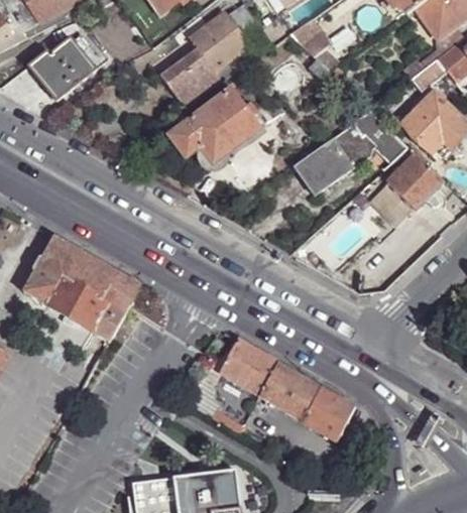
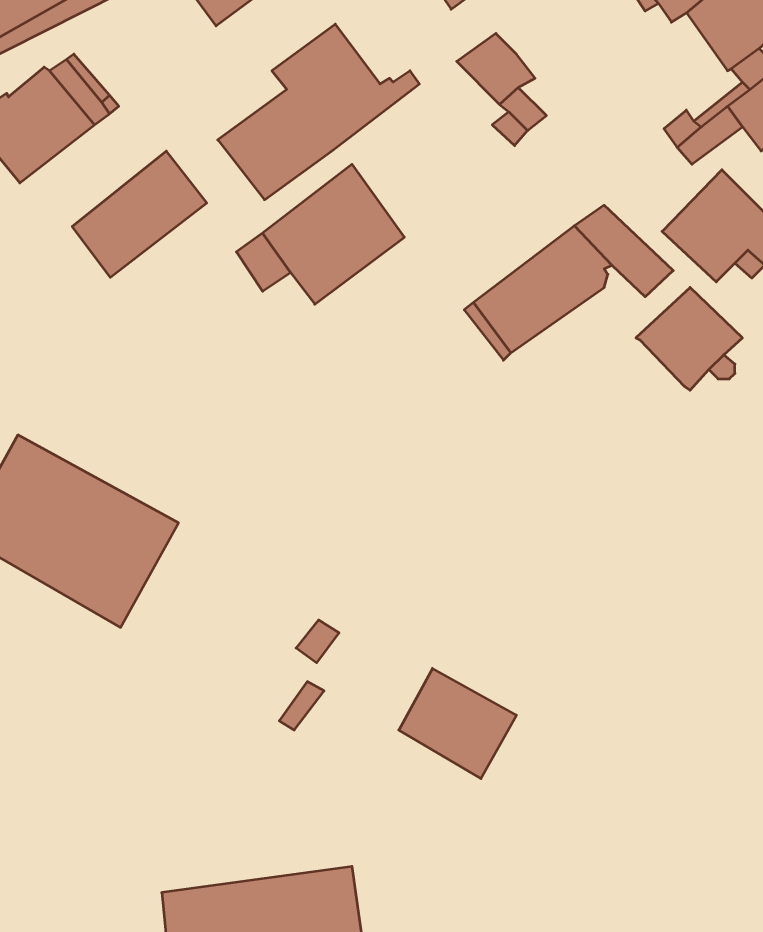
building: none -> [72,151,207,277]
building: [371,183,413,225] -> none
building: [218,338,276,394] -> none
building: [303,386,354,439] -> none

